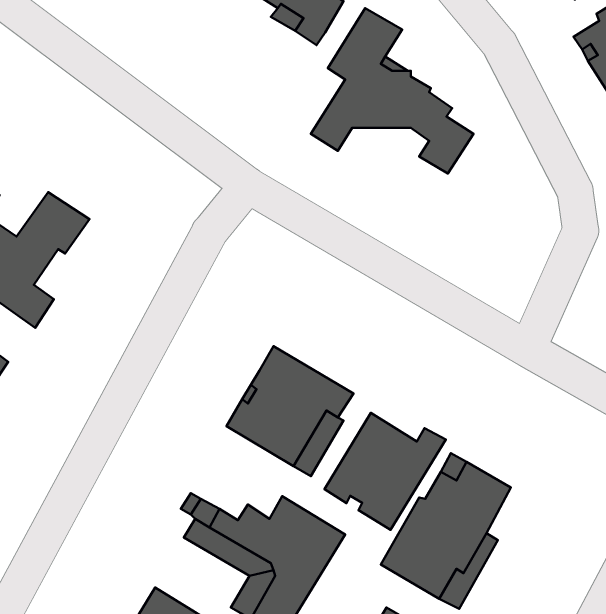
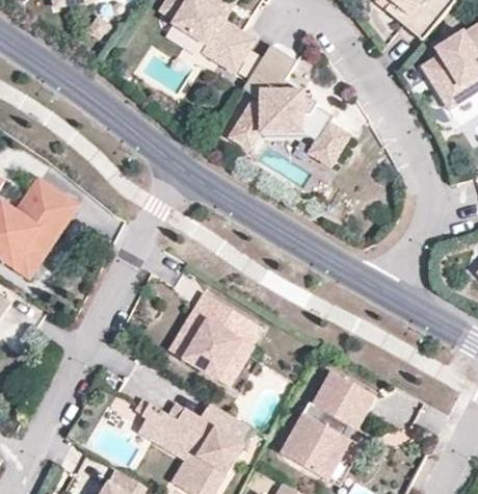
building: [324,413,446,530] -> none

